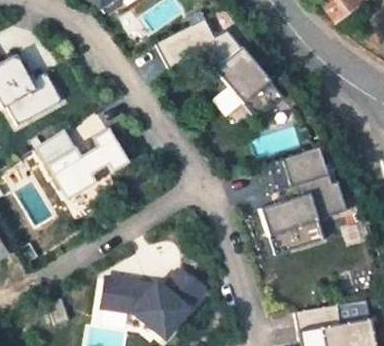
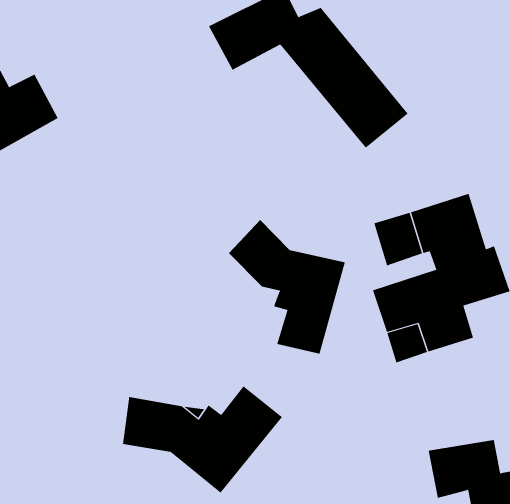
building: [36,128,128,200] -> none
building: none -> [228,219,346,354]

